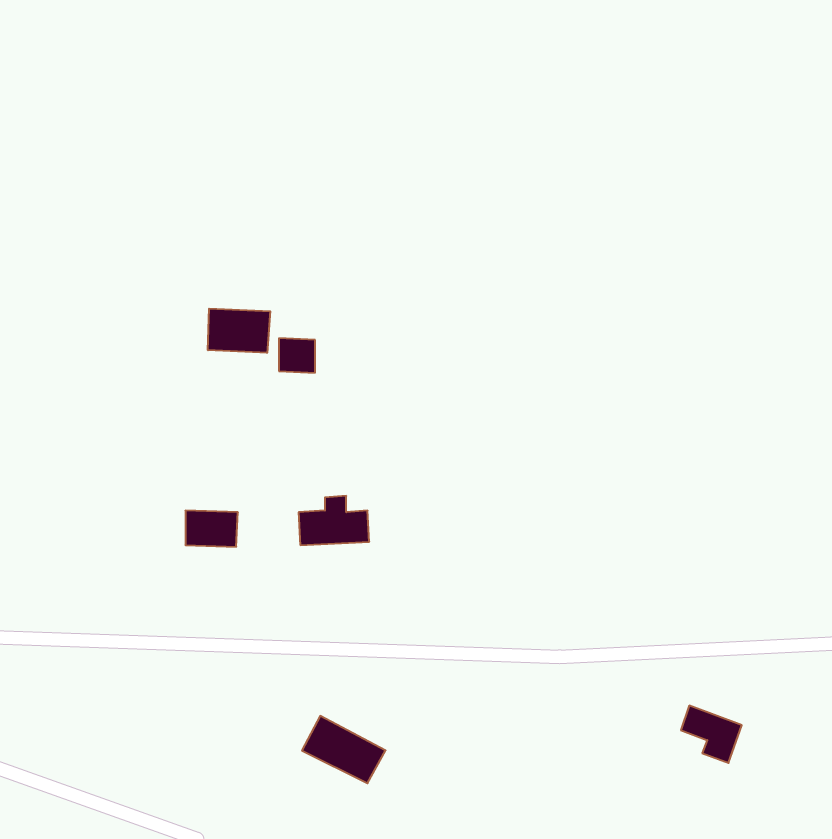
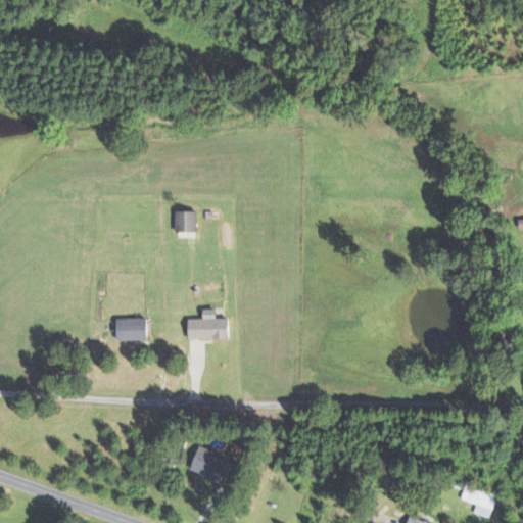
building: [208,309,270,353] -> none
building: [681,706,742,763] -> [459,482,496,518]

